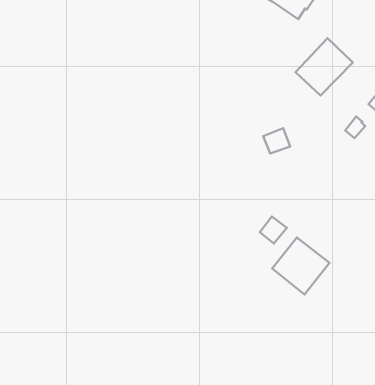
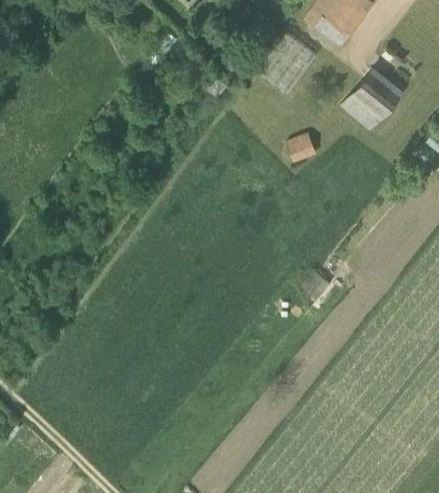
building: [263,128,290,153] -> [287,132,318,161]
building: [272,238,329,295] -> none

